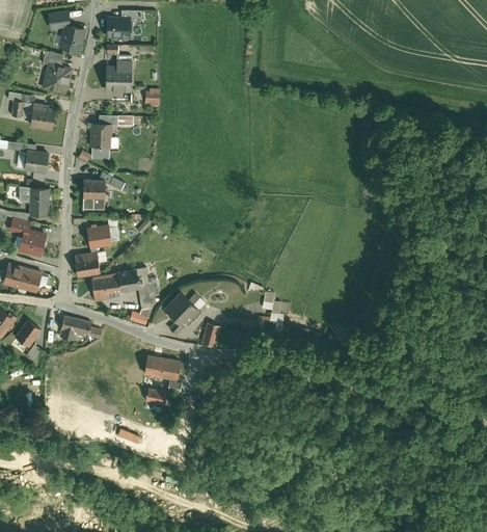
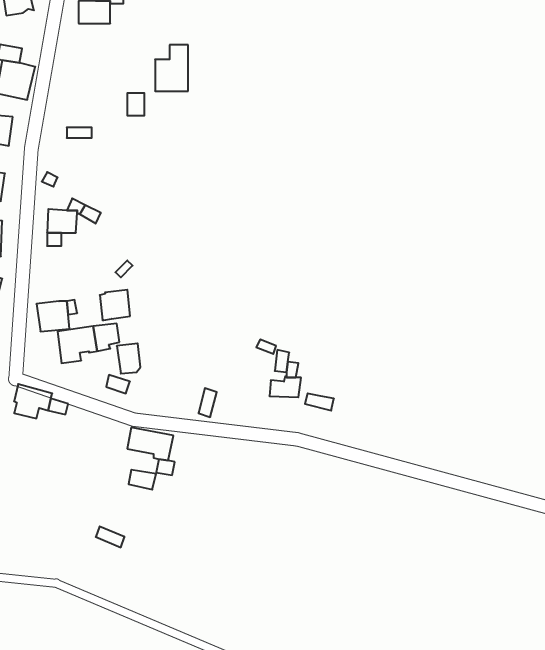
building: [59,22,82,49] -> none
building: [106,54,132,90] -> [155,45,188,91]
building: [91,124,108,148] -> none
building: [88,224,112,248] -> [100,290,130,320]
building: [164,290,201,334] -> none

